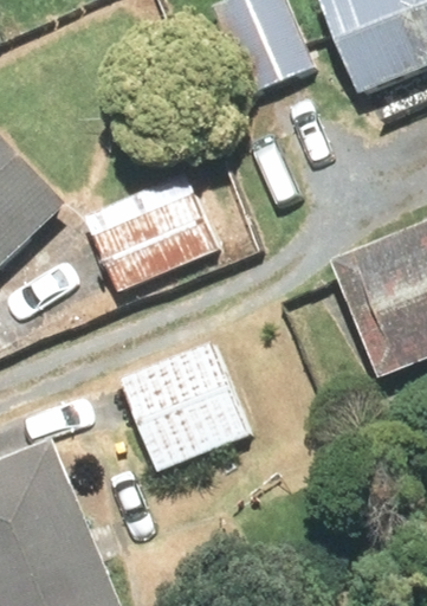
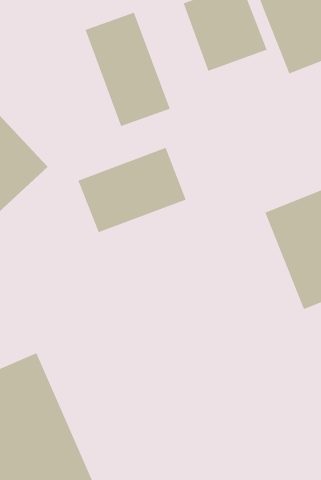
building: none -> [85,12,171,127]
building: [124,335,263,475] -> none

